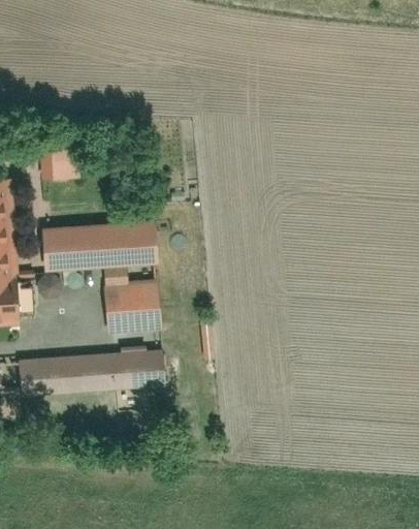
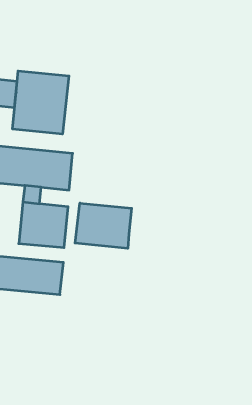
building: none -> [13,71,69,134]
building: none -> [75,203,132,248]

